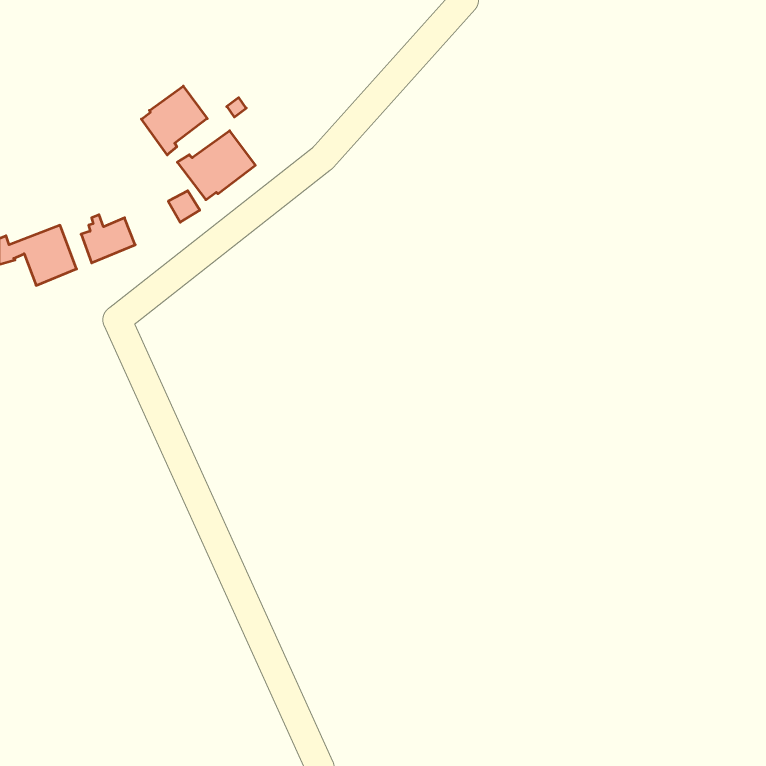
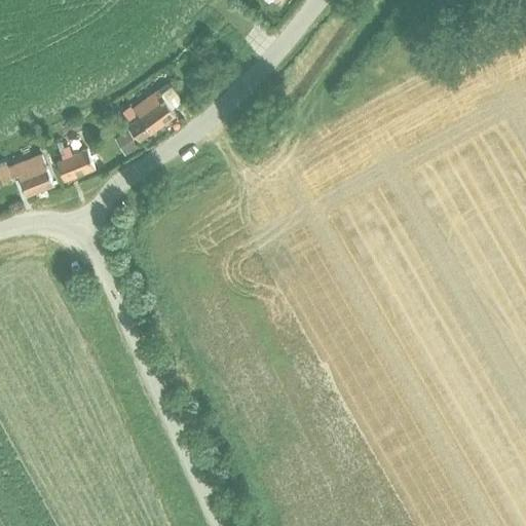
building: [141,86,207,155] -> none

